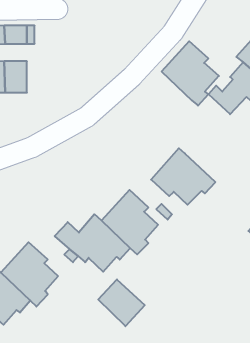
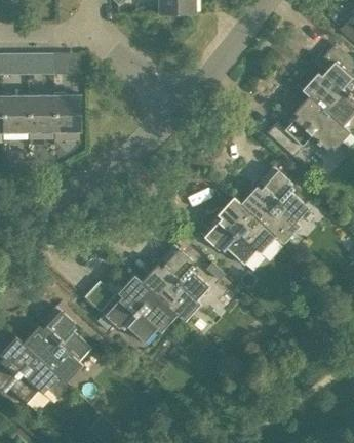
building: [162,41,219,106] -> [241,168,309,244]
building: none -> [54,95,81,132]
building: [98,279,145,326] -> none

